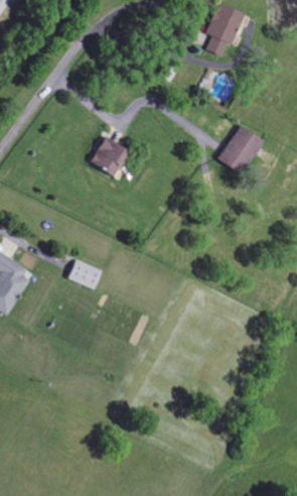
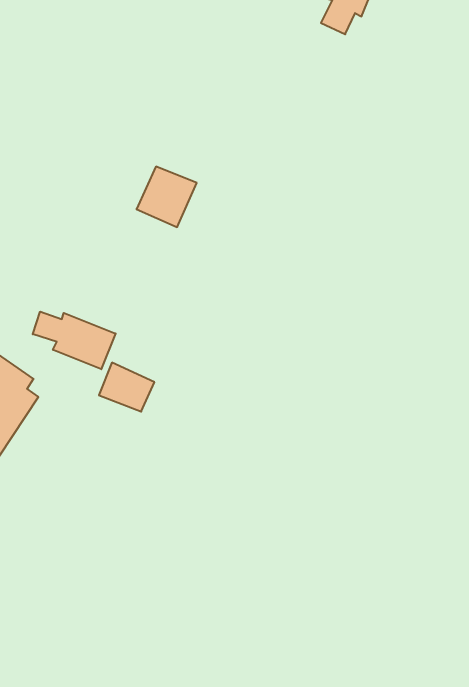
building: [217,126,261,174] -> none
building: none -> [33,312,116,369]

